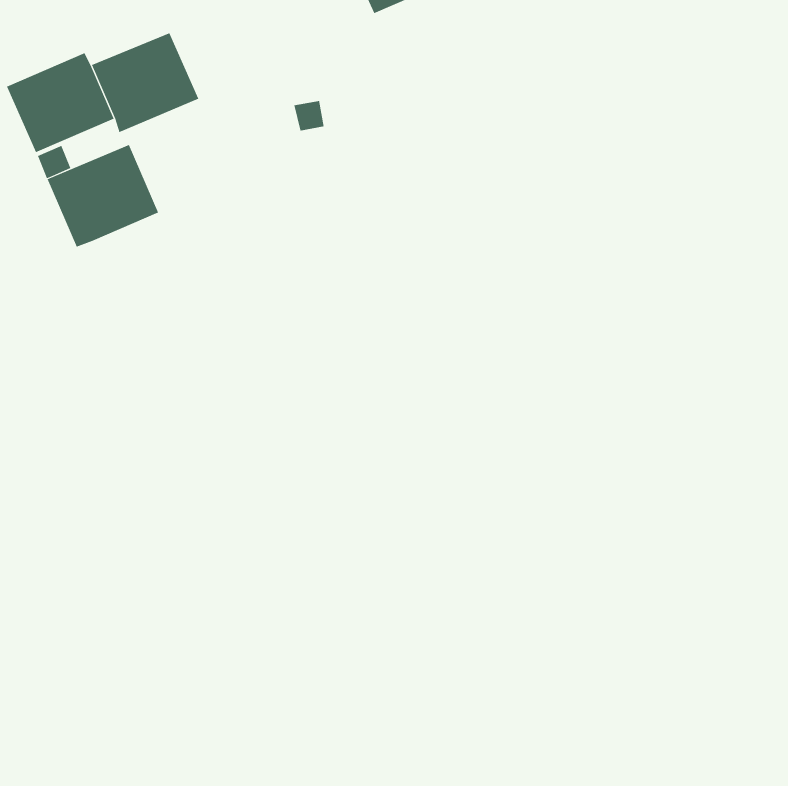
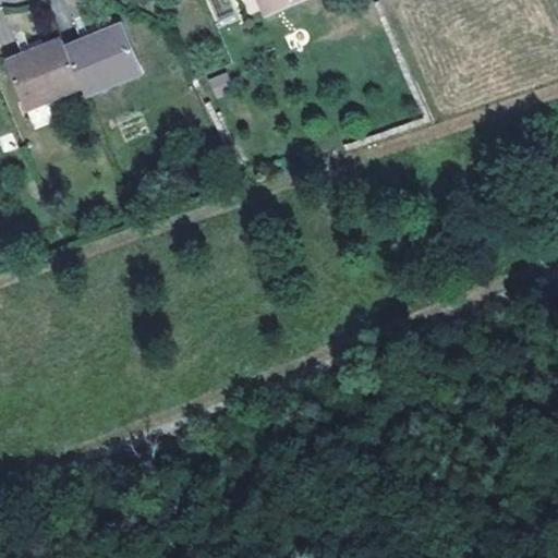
building: [47,144,159,248] -> none

